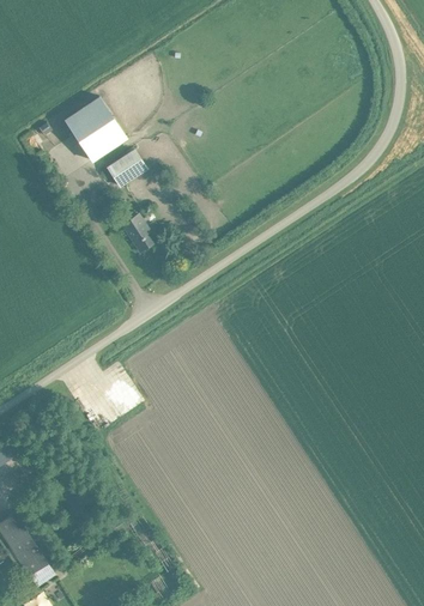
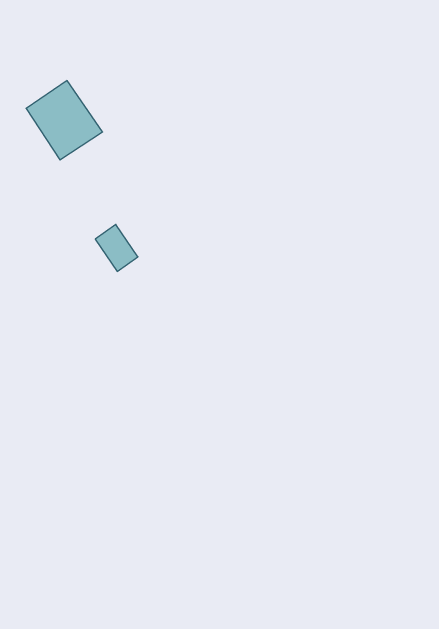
building: [107,150,146,187] -> none

